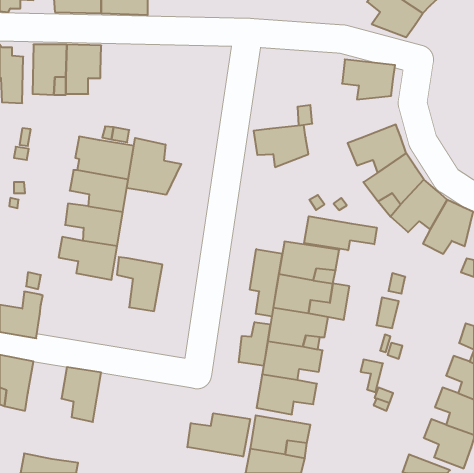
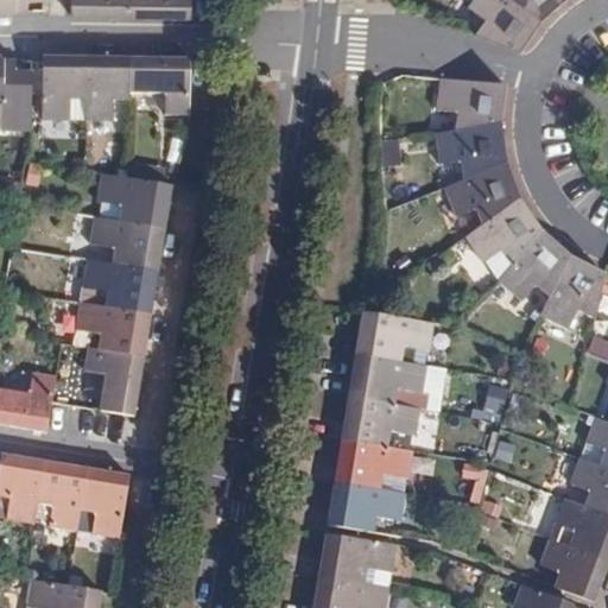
building: none -> [128,58,188,114]
building: [254,125,308,167] -> [436,122,506,176]
building: [127,138,181,195] -> none
building: [304,216,377,250] -> none
building: [250,249,282,316] -> none
building: [117,257,162,311] -> [84,348,142,417]
building: [239,322,270,366] -> none
building: none -> [36,462,86,532]
building: [187,413,250,457] -> none

